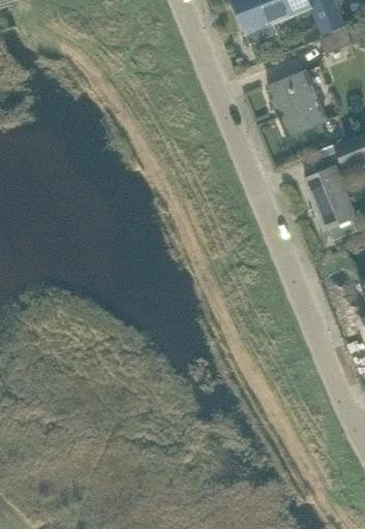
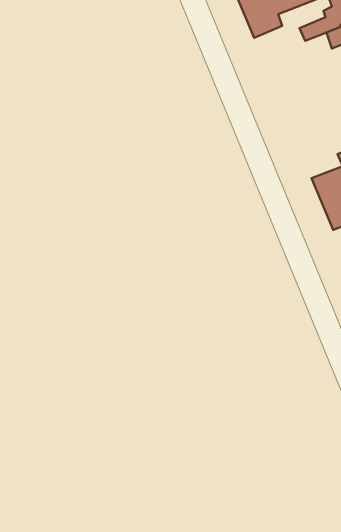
building: [268,71,326,133] -> none

